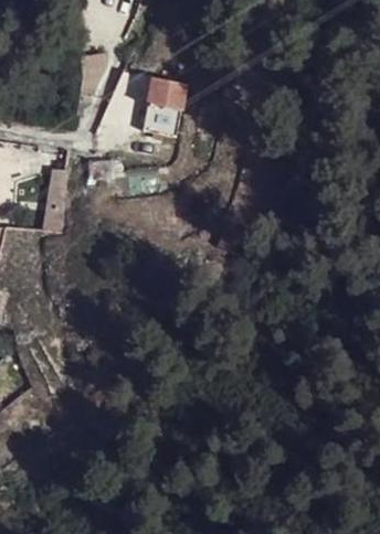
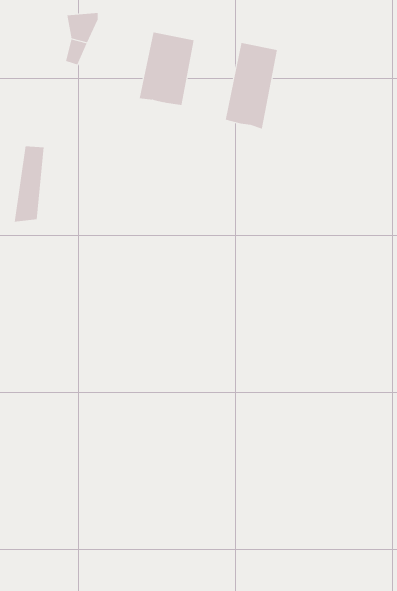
building: none -> [225,42,278,130]

